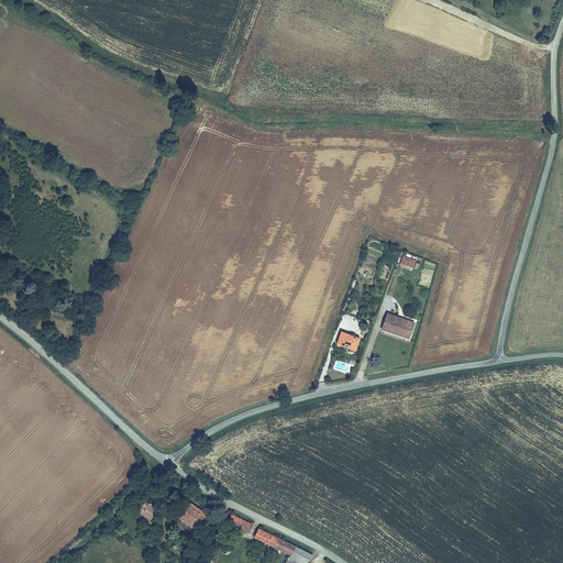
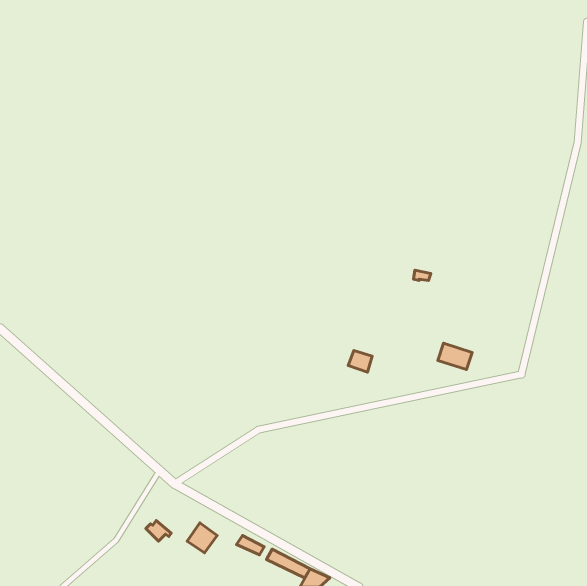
building: [379,316,412,341] -> [438,343,472,370]

